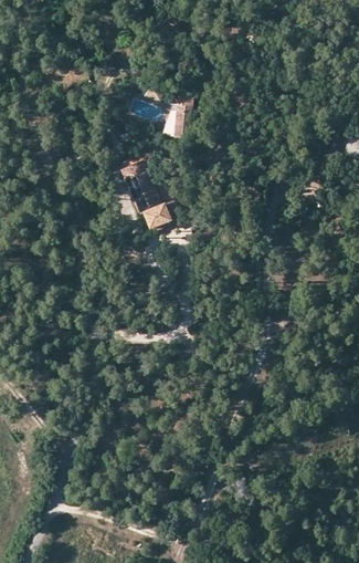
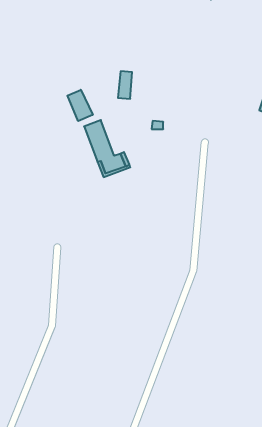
building: none -> [67,90,93,121]

